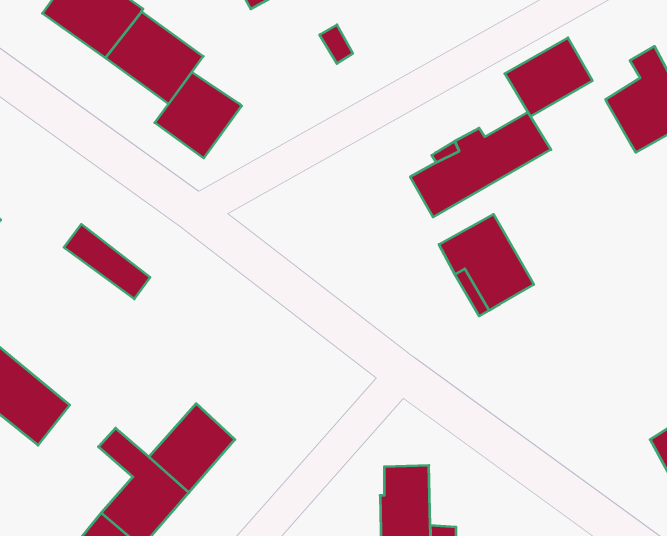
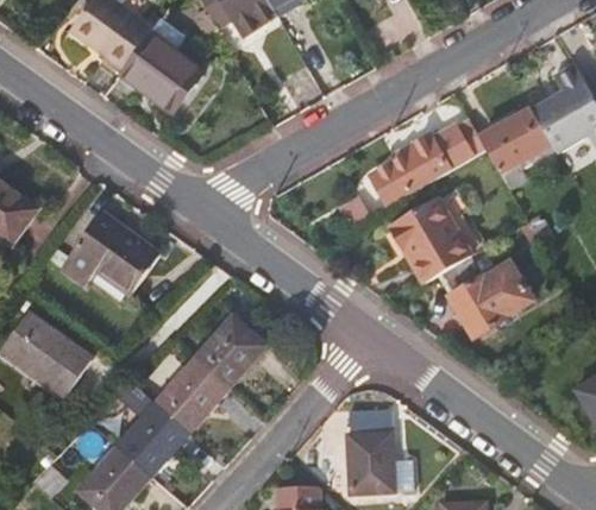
building: [505,38,592,117] -> [482,109,554,175]
building: [155,72,242,158] -> none
building: none -> [57,229,143,295]
building: none -> [445,260,533,340]
building: none -> [194,317,263,389]

